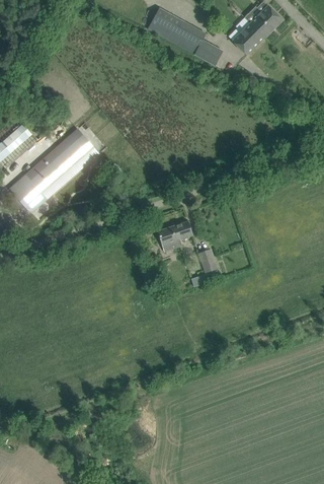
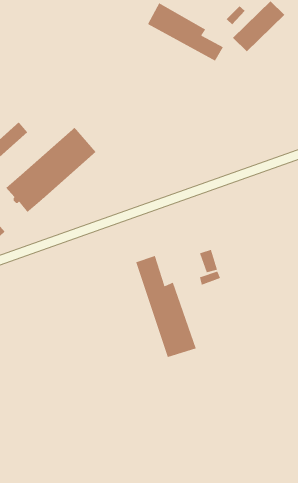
building: [156,219,191,251] -> none
building: none -> [136,255,197,358]

